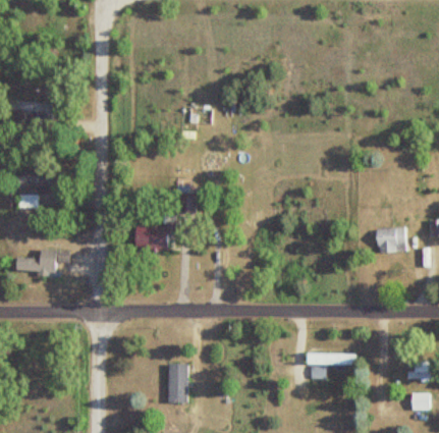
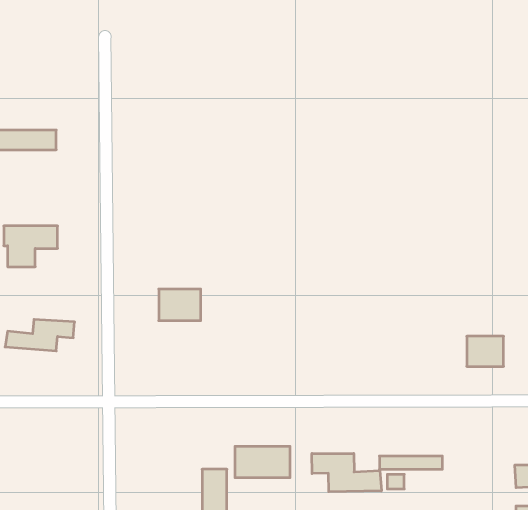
building: [377,228,405,252] -> [467,336,504,366]
building: none -> [235,446,290,478]
building: none -> [312,453,381,492]

